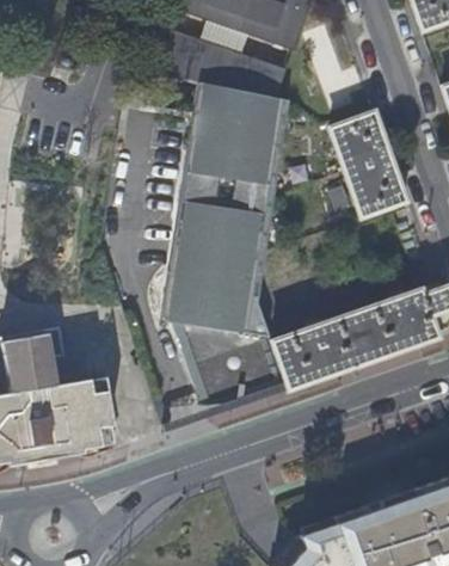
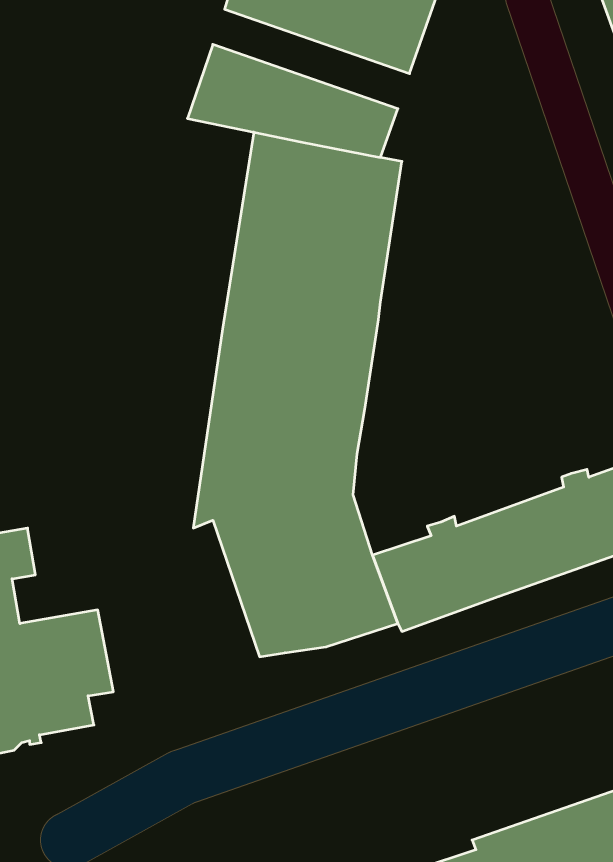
building: [328,112,406,219] -> none

